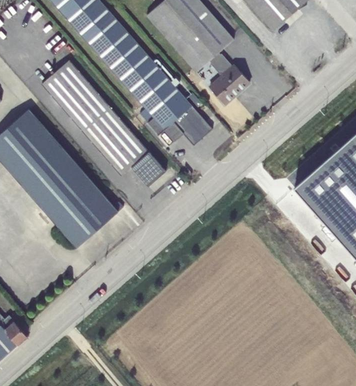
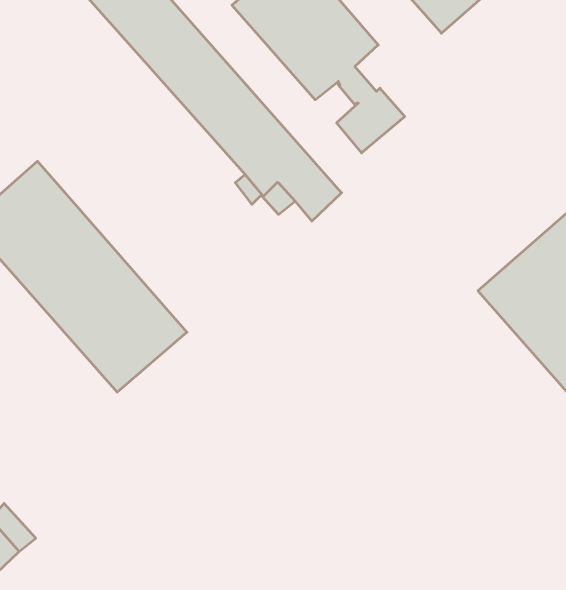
building: [41,59,165,185] -> none

